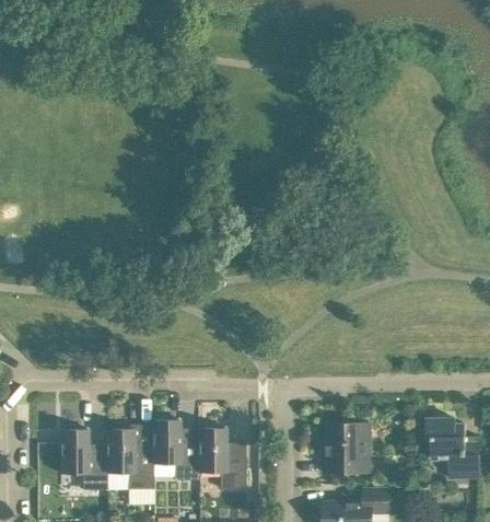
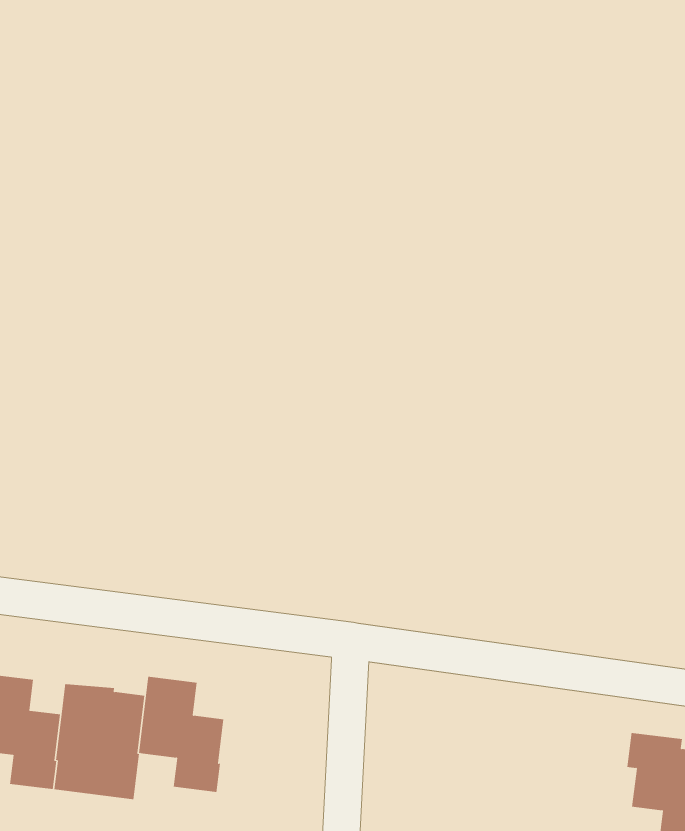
building: [324,424,371,473] -> none
building: [198,429,245,489] -> none

